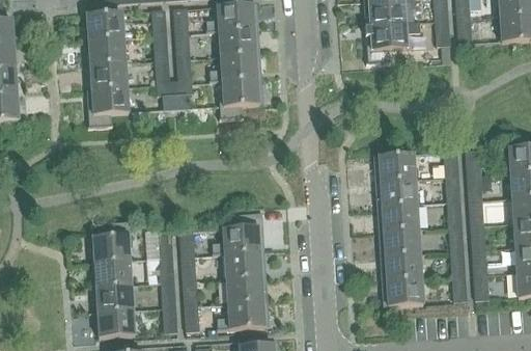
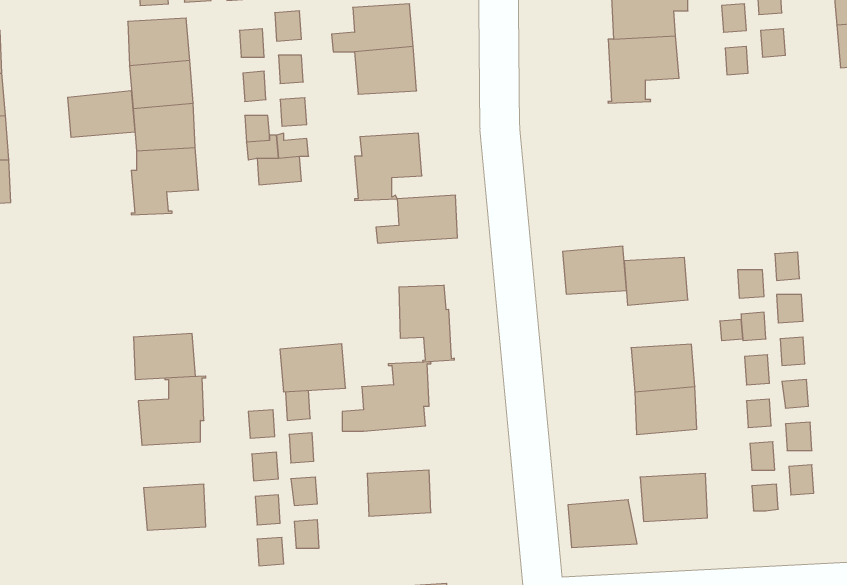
building: none -> [68,90,135,137]
building: [208,54,256,82] -> [376,195,457,243]
building: none -> [399,285,454,362]
building: [379,177,416,205] -> [563,246,626,294]
building: [224,250,262,278] -> [280,344,346,392]
building: [384,252,424,280] -> [568,500,637,548]
building: [94,260,131,287] -> [133,334,196,380]
building: [216,301,266,330] -> none
building: [97,309,134,338] -> none

